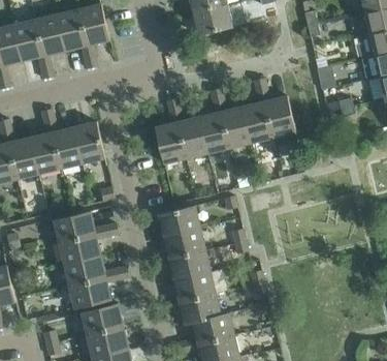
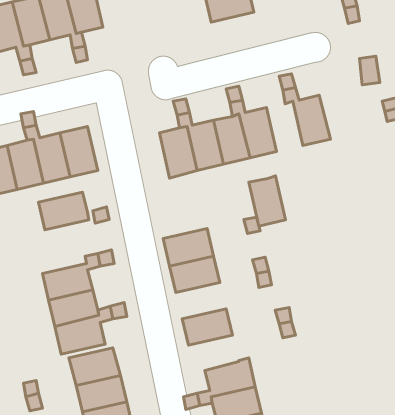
building: [243,101,272,143] -> [249,176,285,226]
building: [54,212,95,243] -> [39,192,89,230]
building: [168,250,209,280] -> none
building: [179,294,220,325] -> none

